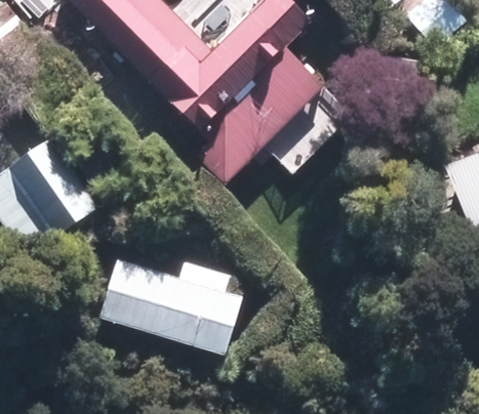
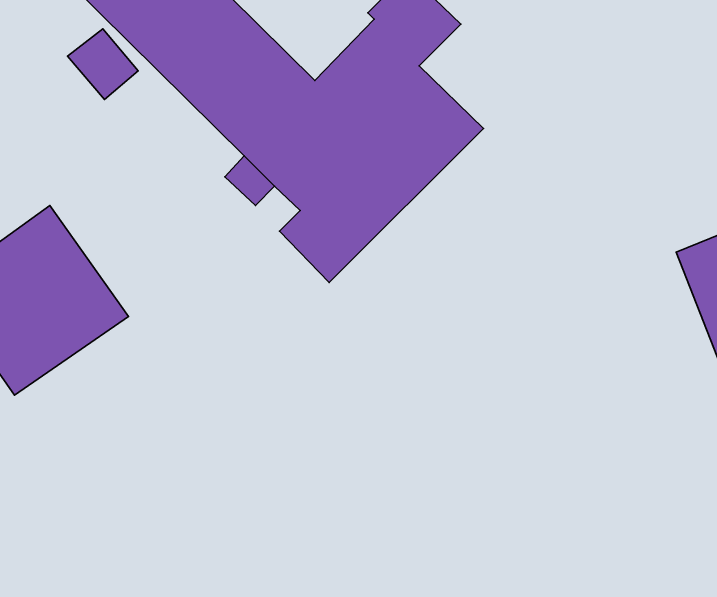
building: [102,256,250,362] -> none

